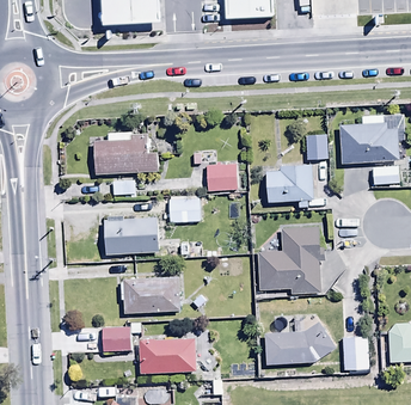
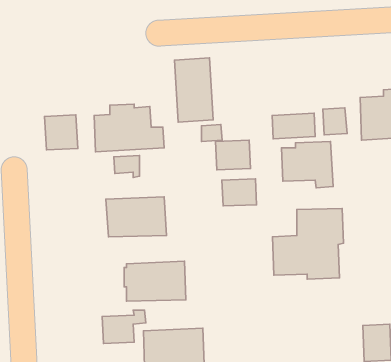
building: none -> [175,58,213,122]
building: none -> [272,113,315,139]
building: none -> [44,115,78,150]
building: [168,197,201,222] -> [222,179,257,206]
building: [265,320,337,363] -> none

